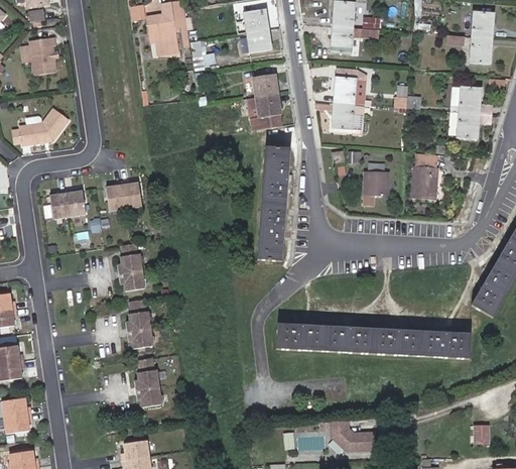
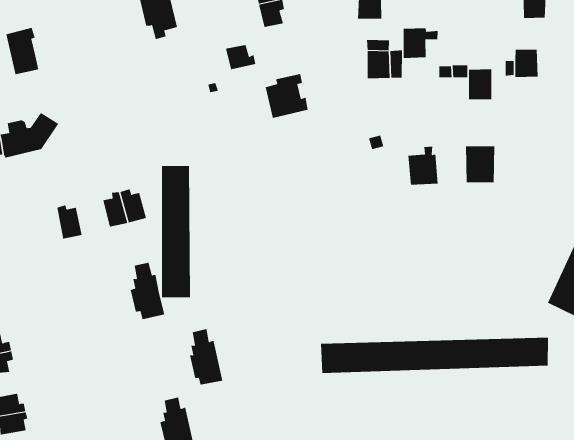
building: [254,76,279,96] -> [225,45,256,70]
building: [333,102,365,128] -> [403,28,439,58]
building: [458,111,480,138] -> [468,69,492,100]
building: [257,146,290,260] -> [161,166,191,298]
building: [47,190,67,220] -> none
building: [129,299,156,346] -> [189,329,223,385]

